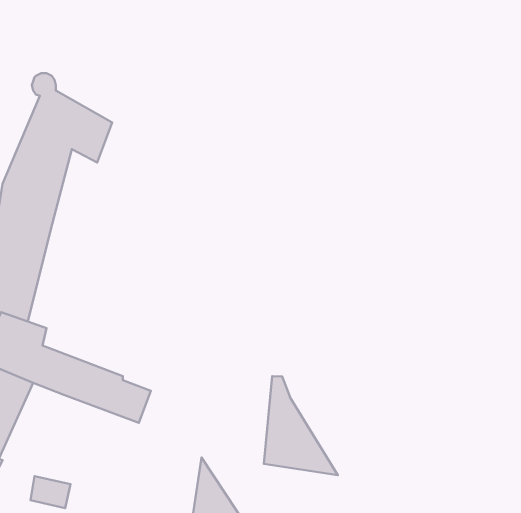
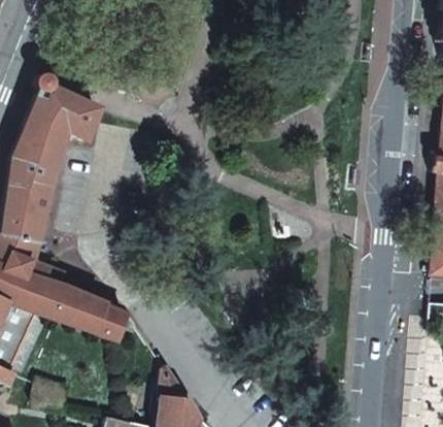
building: [264,376,338,475] -> none

